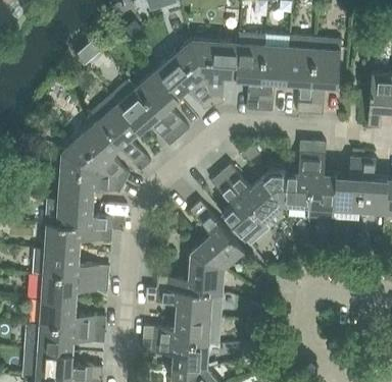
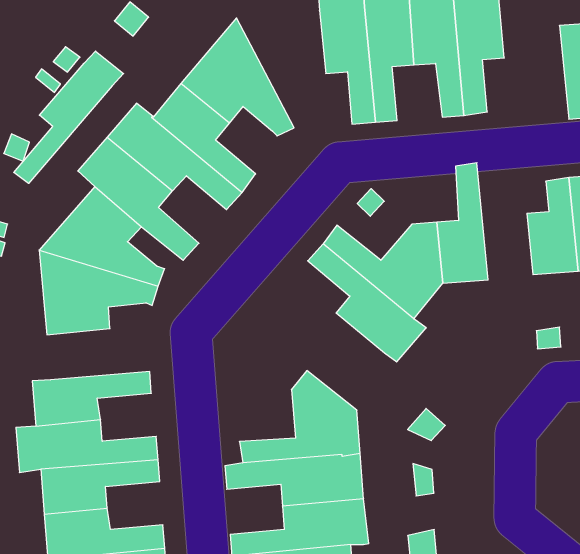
building: [192,41,239,107] -> none
building: none -> [14,51,124,183]
building: [308,143,337,221] -> none
building: [46,201,124,230] -> none
building: [190,202,244,270] -> none

